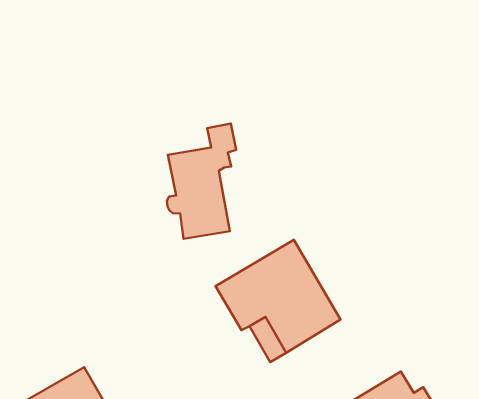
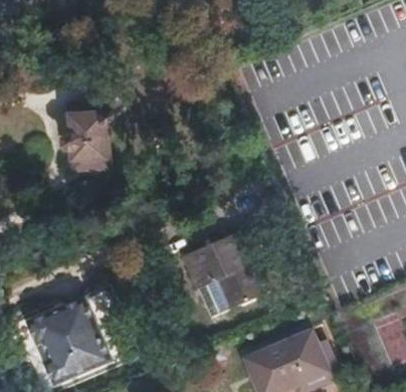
building: [167,123,236,239] -> [68,87,122,164]

